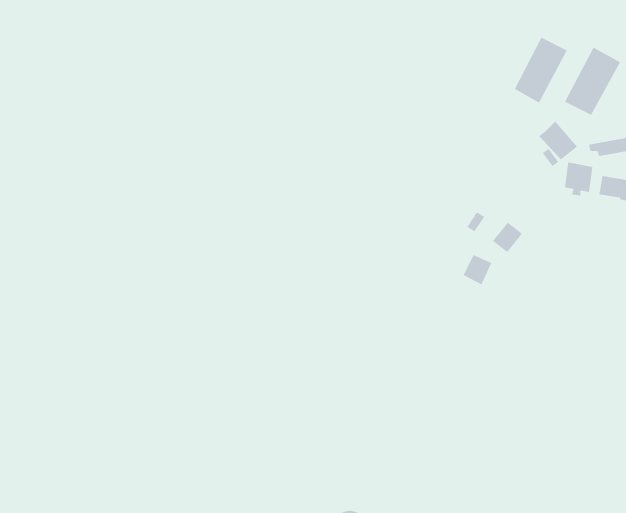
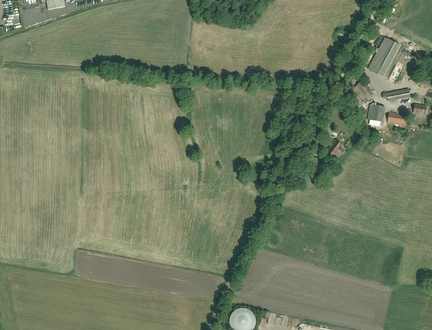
building: [514,37,568,103] -> none

